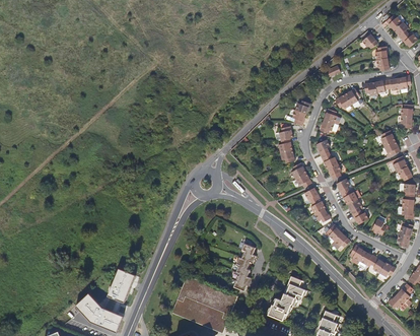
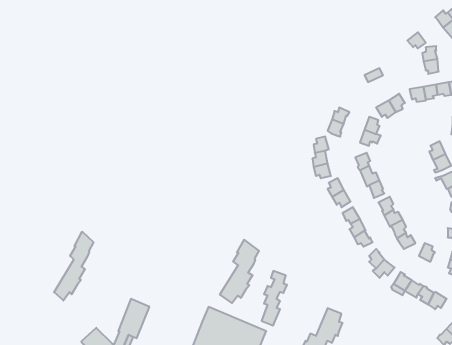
building: none -> [54,232,94,301]
building: none -> [220,240,259,303]

